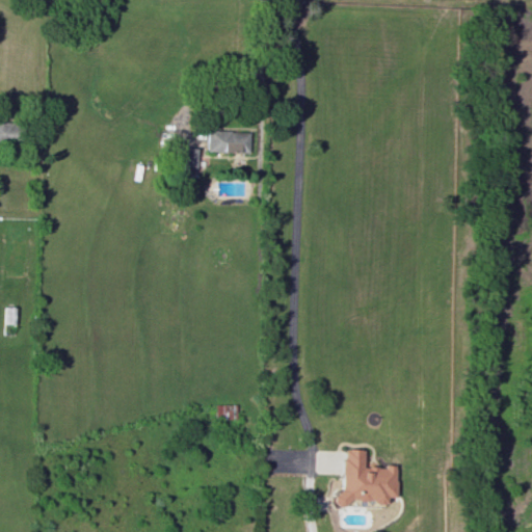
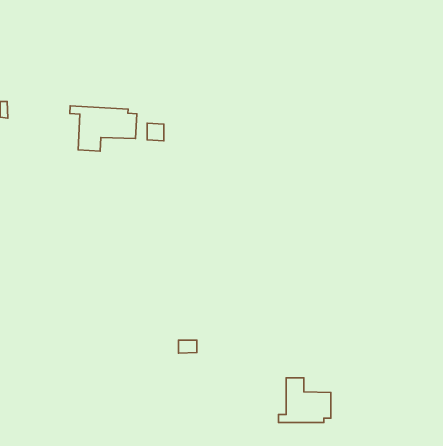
building: none -> [70,106,137,151]
building: [210,131,252,153] -> none

